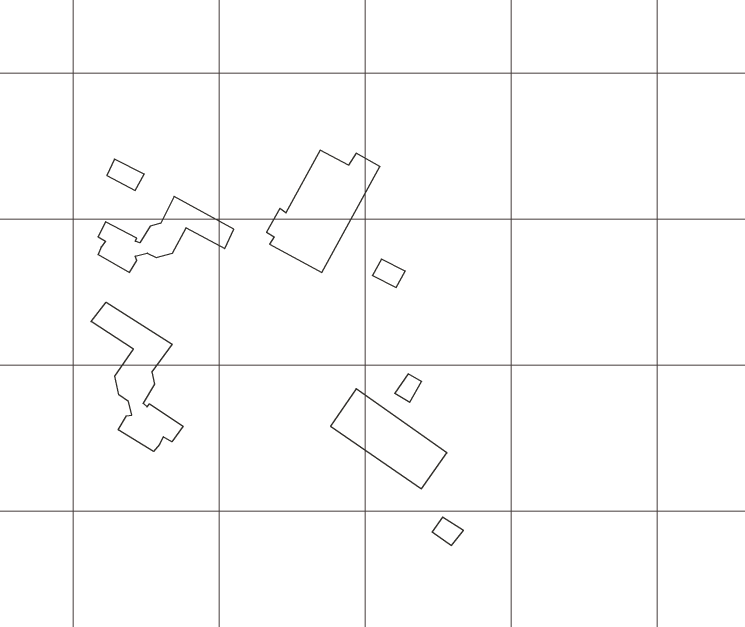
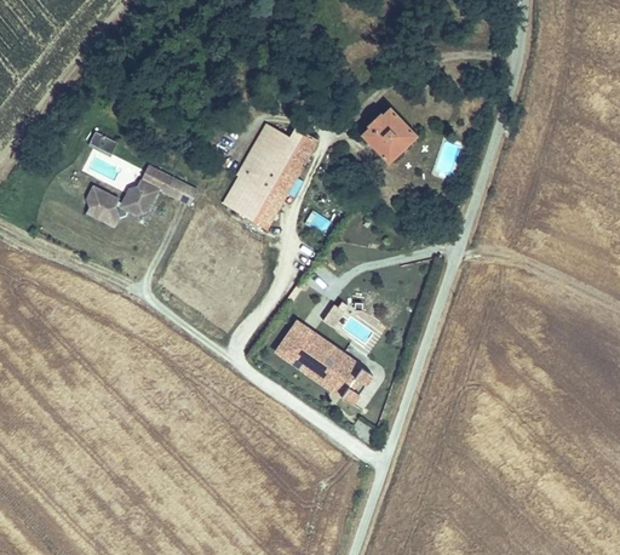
building: none -> [362,110,412,160]
building: [91,302,183,451] -> none

